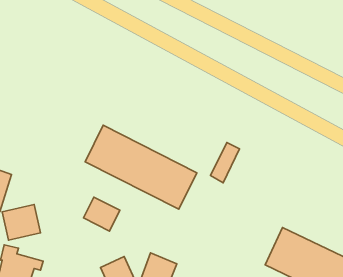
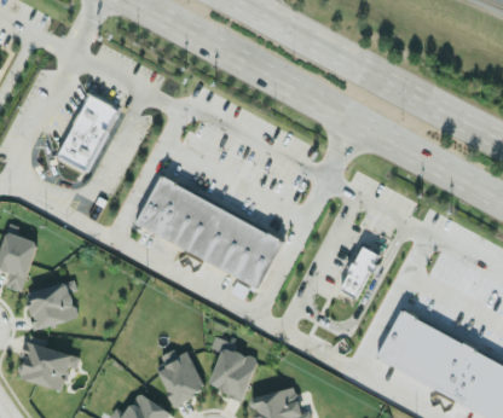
building: none -> [59,95,118,173]
building: [210,143,240,183] -> [341,246,380,300]
building: [84,197,120,231] -> none

